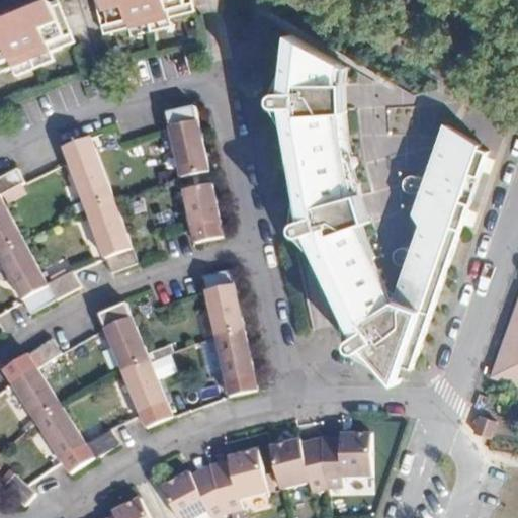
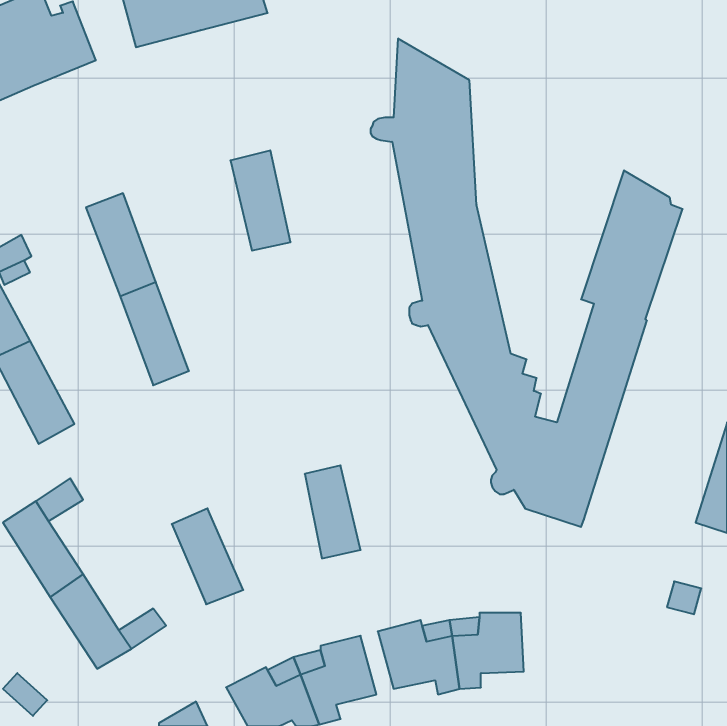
building: [181,183,221,243] -> none
building: [201,268,241,335] -> none
building: [97,303,147,370] -> none

